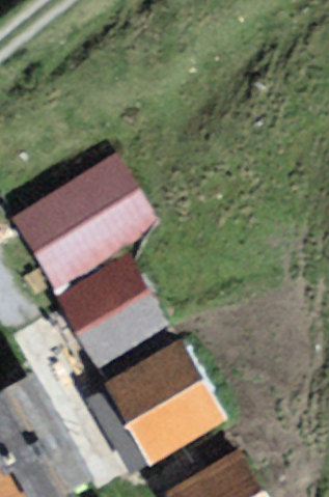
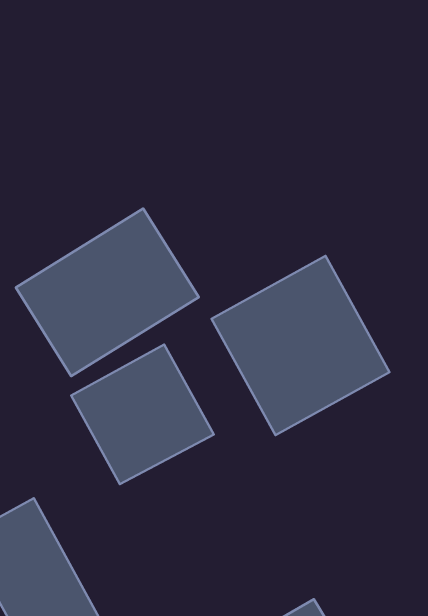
building: none -> [211,256,389,435]
building: [111,349,216,457] -> none

